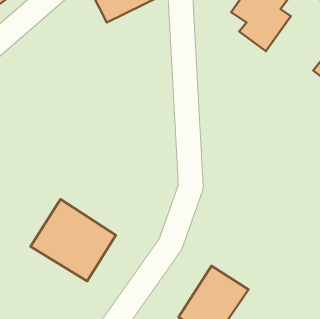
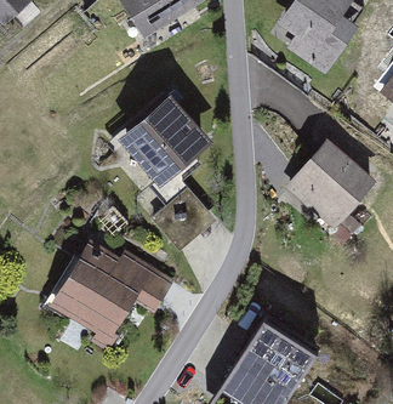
building: none -> [120,96,207,181]
building: none -> [292,143,375,226]

